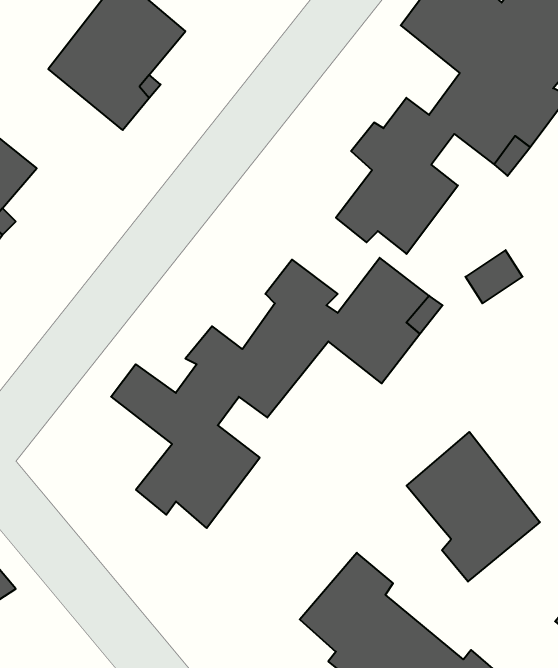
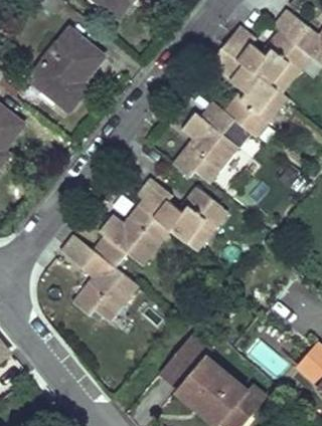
building: [407,432,540,582] -> none

